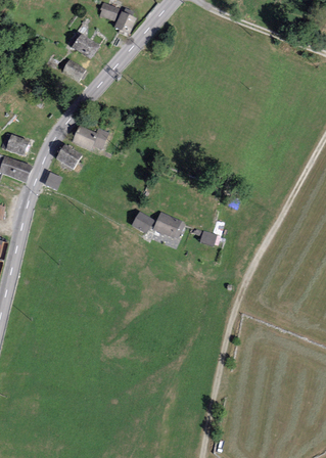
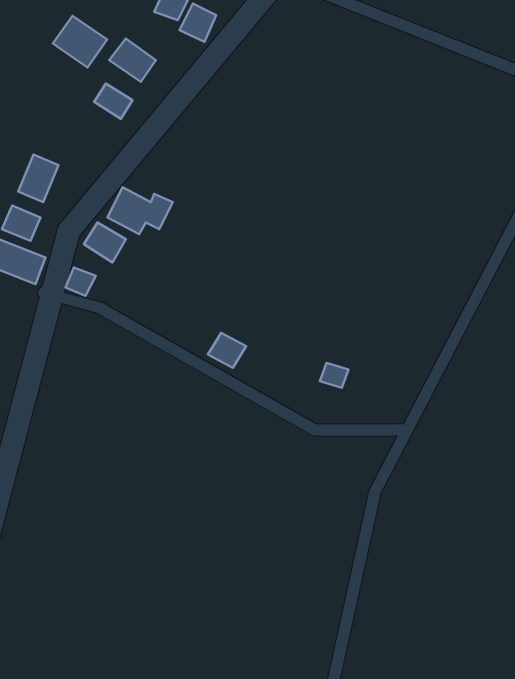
building: none -> [53,16,107,67]
building: none -> [18,154,58,202]
building: [154,212,182,237] -> none

